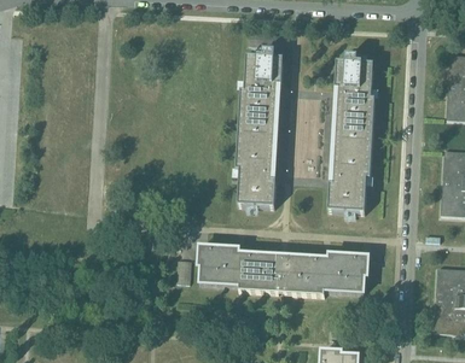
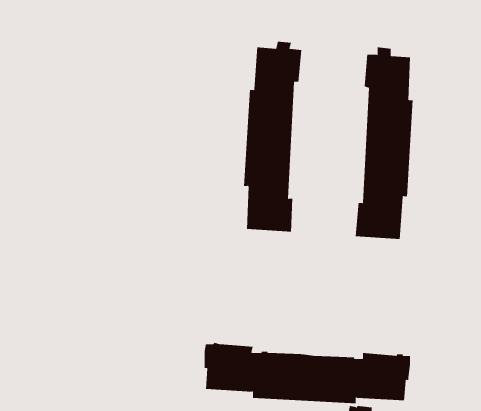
building: [199,242,370,293] -> [204,342,411,404]

